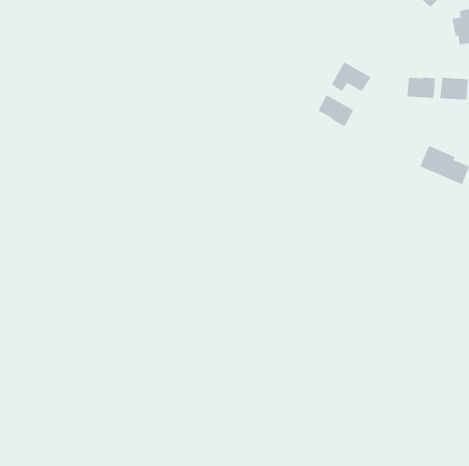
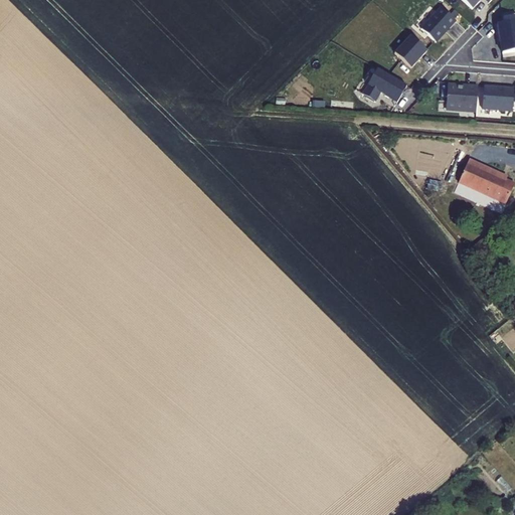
building: none -> [421,6,457,41]
building: none -> [395,34,427,67]
building: [318,94,354,127] -> none

